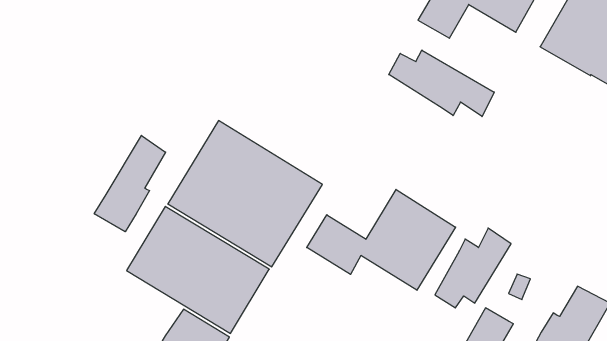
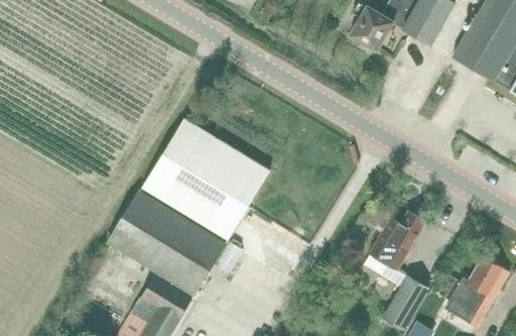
building: [389,50,494,117] -> none
building: [94,135,166,232] -> none
building: [307,189,456,290] -> none

